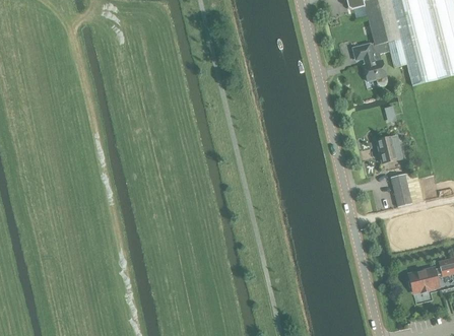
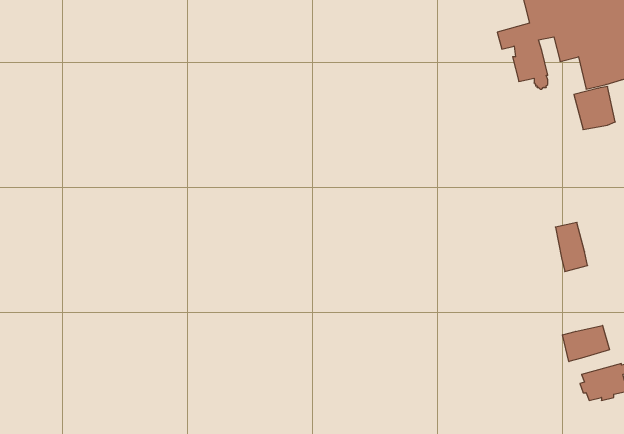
building: [376,134,403,162] -> [574,87,615,130]
building: none -> [563,325,609,362]

